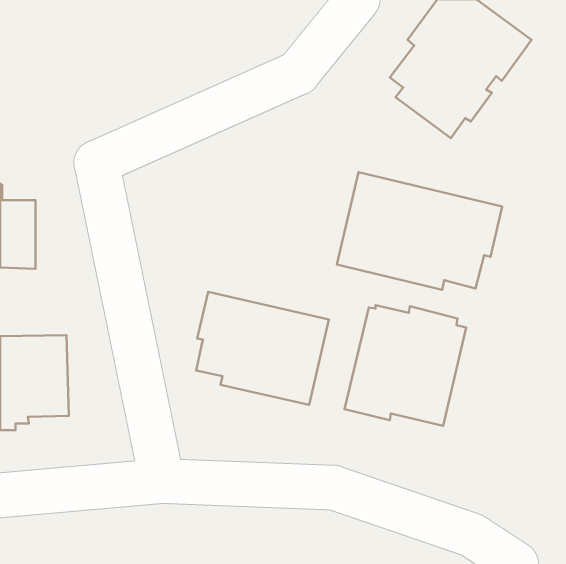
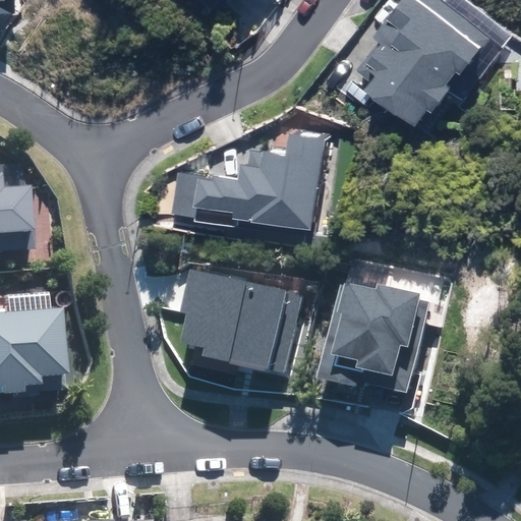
building: none -> [172,132,324,229]
building: [337,172,502,290] -> none

